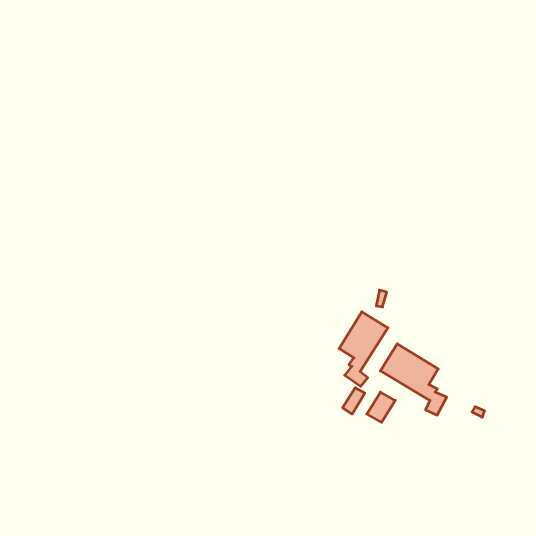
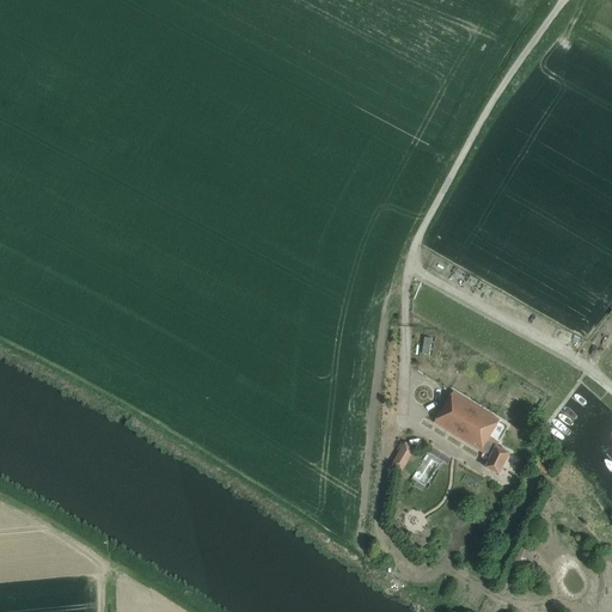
building: [339,312,388,386] -> none

